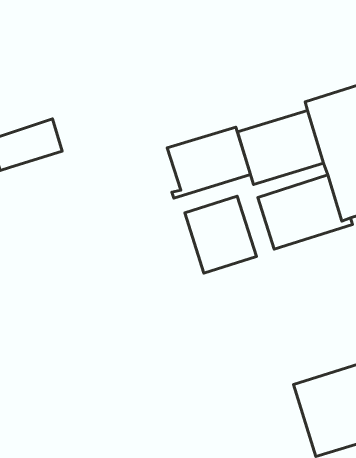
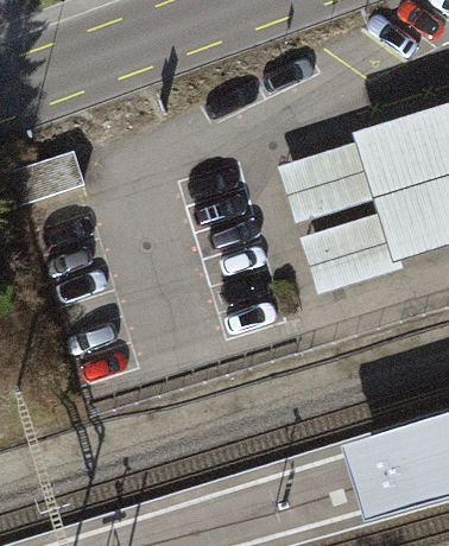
building: [167,127,251,198] -> none
building: [185,196,256,273] -> none

